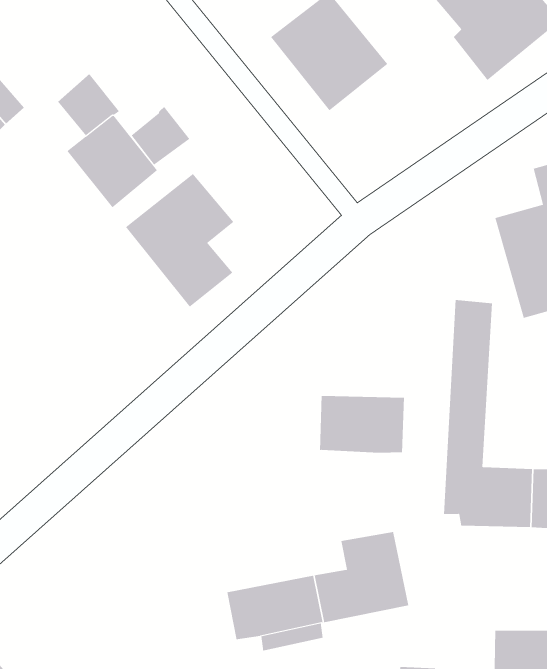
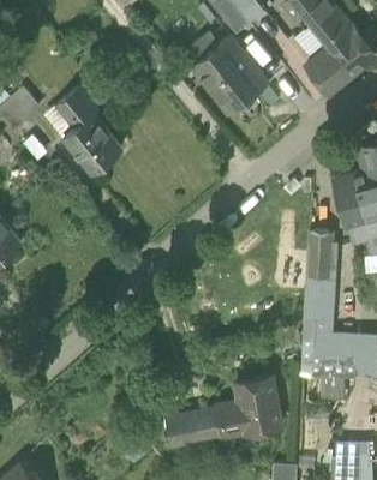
building: [131,106,190,166] -> none
building: [125,173,234,308] -> none
building: [320,395,404,453] -> none

